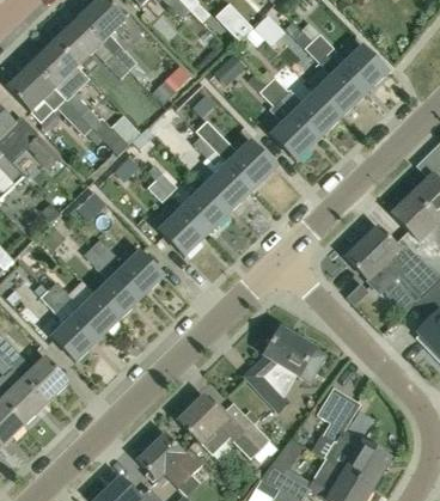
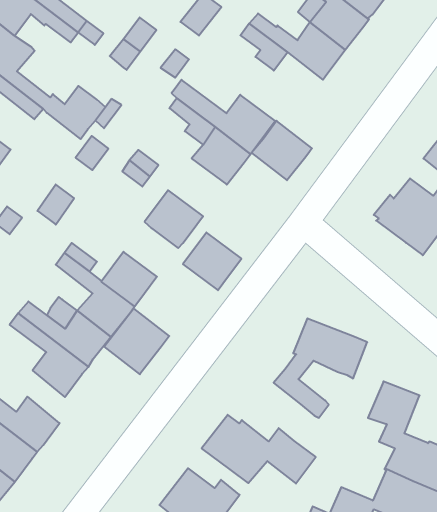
building: [270,110,319,159] -> [252,121,312,180]
building: [182,184,230,232] -> [183,232,241,290]
building: none -> [104,308,169,374]

